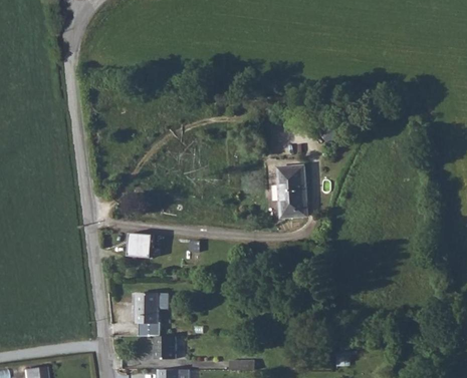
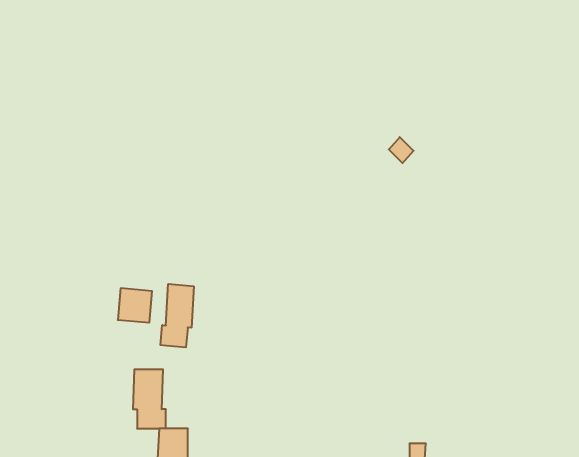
building: [282,165,307,215] -> none
building: none -> [160,284,194,347]

